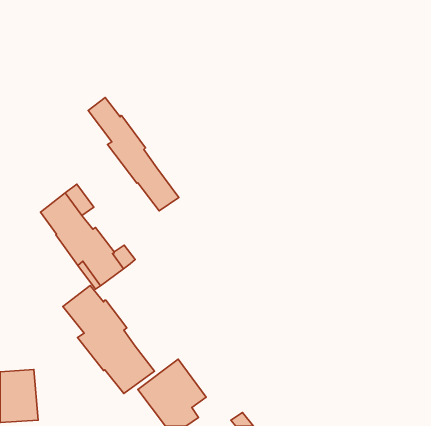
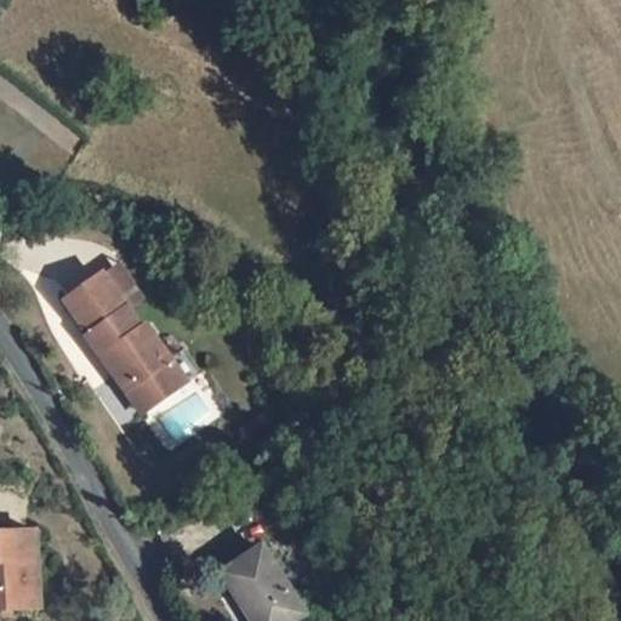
building: [88,97,179,211] -> none
building: [63,285,155,394] -> none

